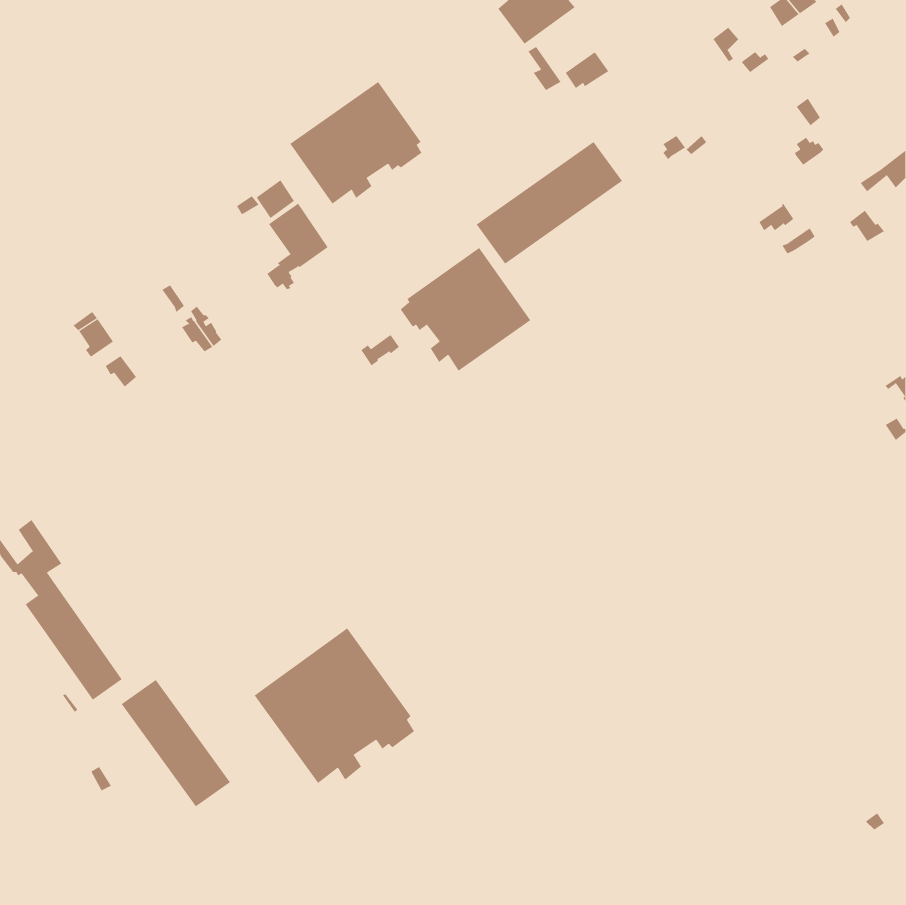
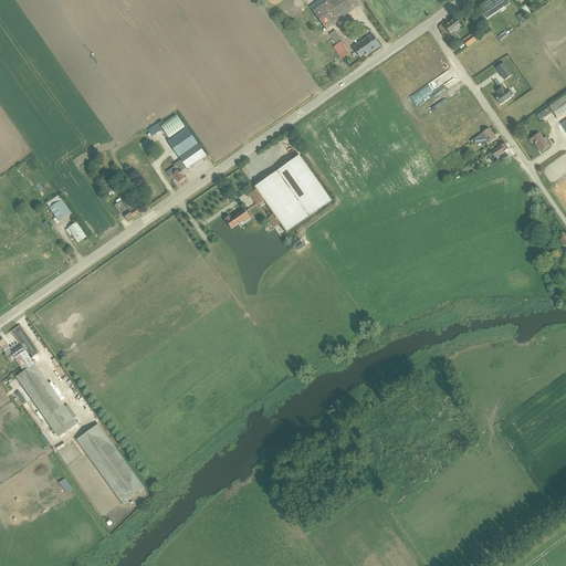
building: [290,81,422,204] -> none
building: [476,141,623,264] -> none
building: [254,628,415,784] -> none

